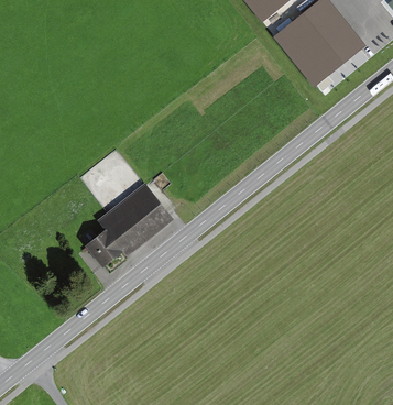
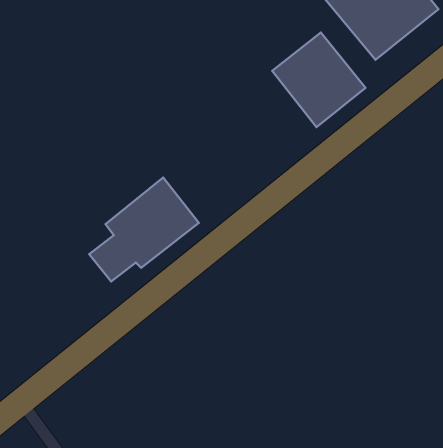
building: none -> [272,32,365,127]

